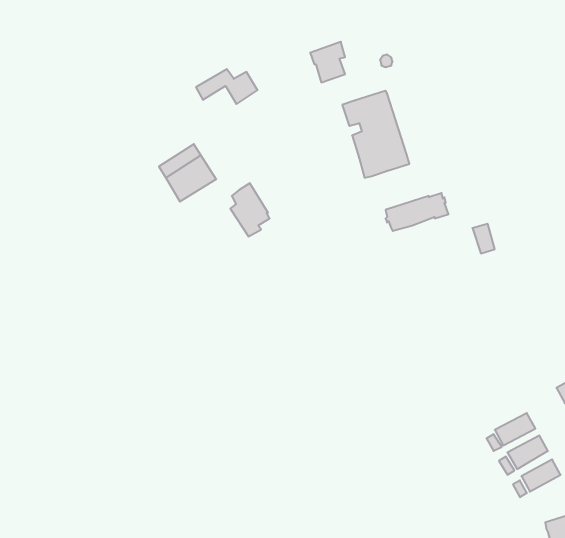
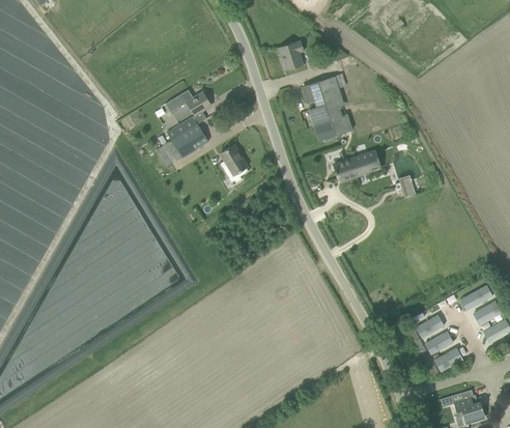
building: [196,69,258,104] -> [165,89,210,115]

